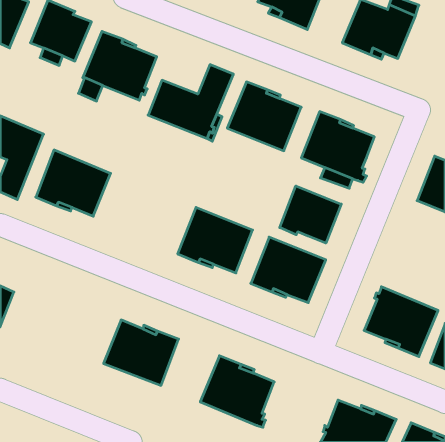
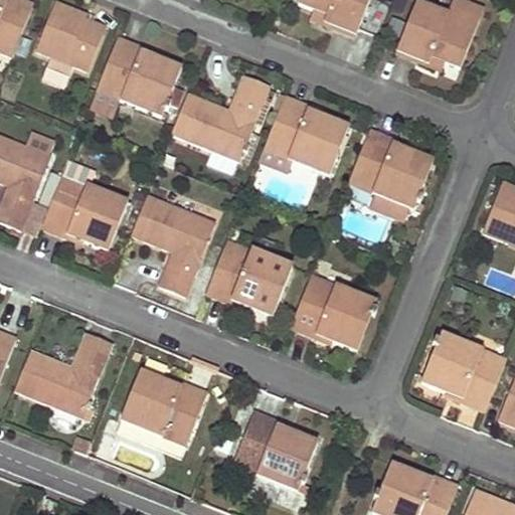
building: none -> [131,194,215,296]
building: [280,186,341,243] -> none
building: none -> [14,332,113,419]

